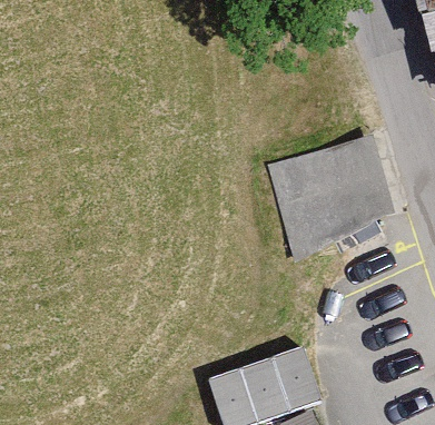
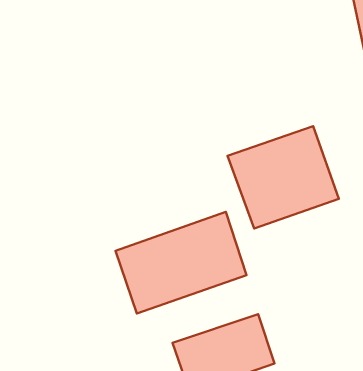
building: none -> [115,212,247,313]

